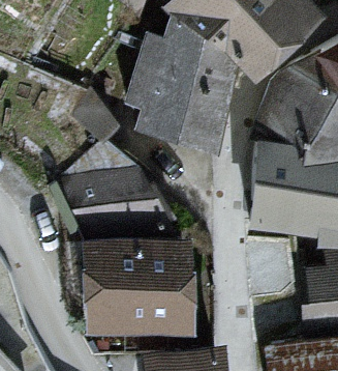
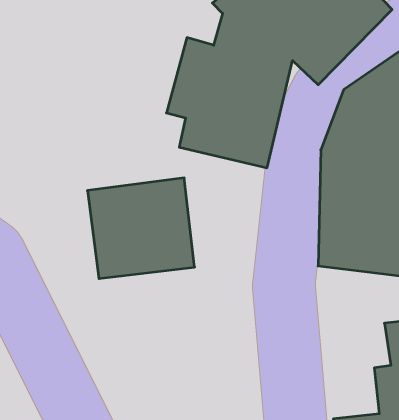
building: [92,250,192,332] -> none

